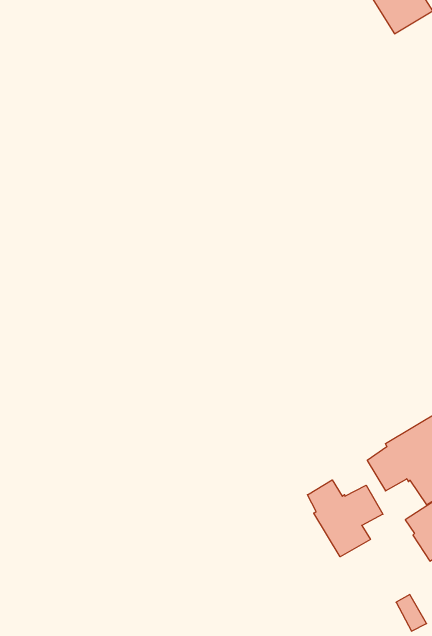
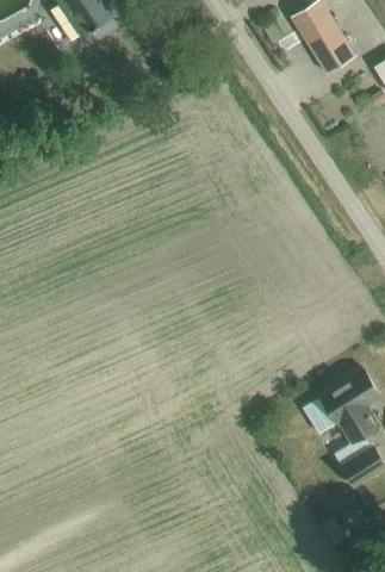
building: [307,480,383,557] -> none

